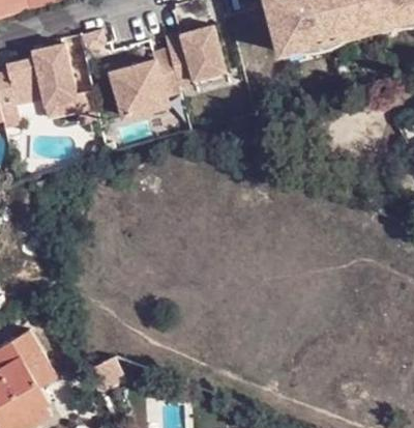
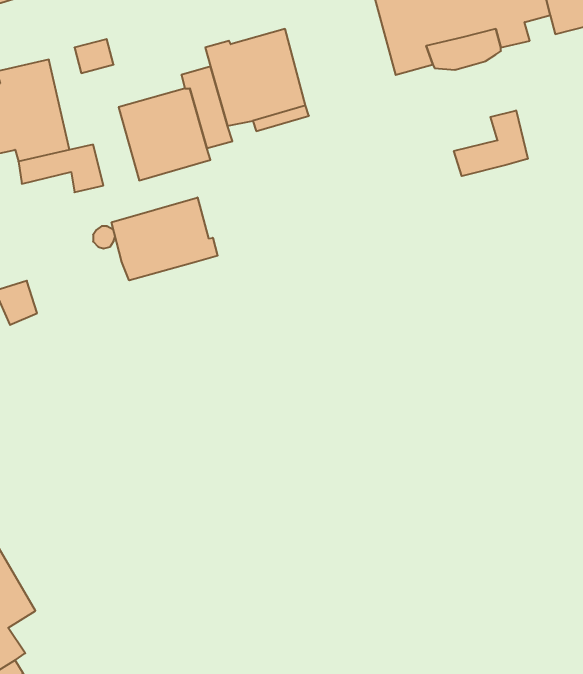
building: none -> [454,110,528,176]
building: none -> [112,197,218,280]

